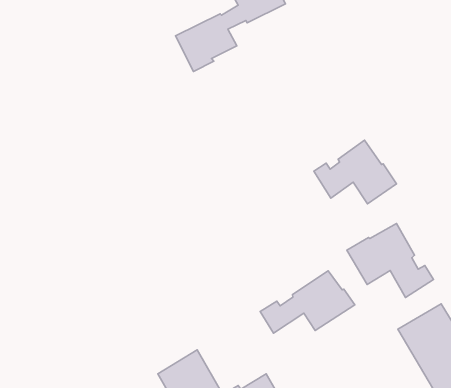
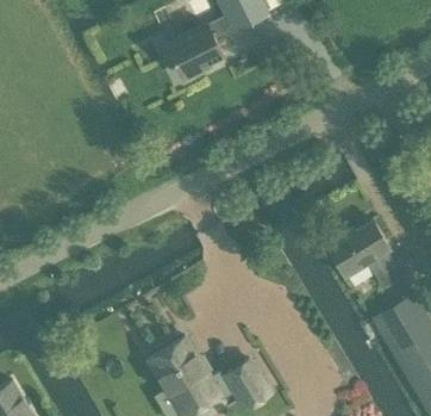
building: [314,140,397,204] -> none
building: [260,271,355,333] -> none

